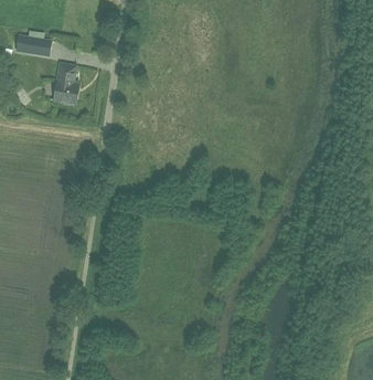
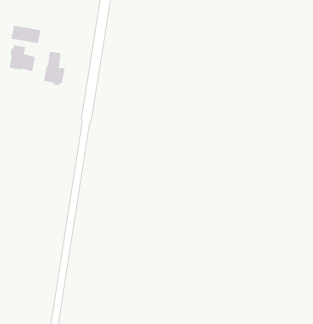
building: none -> [9,44,35,72]

